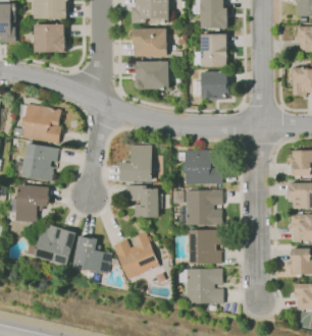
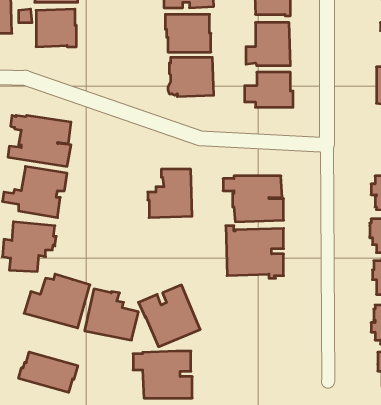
building: [126,185,162,217] -> none
building: [189,229,221,264] -> none
building: [178,268,223,303] -> [133,351,192,398]
building: none -> [19,352,78,392]

